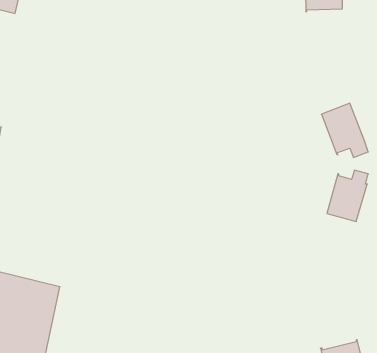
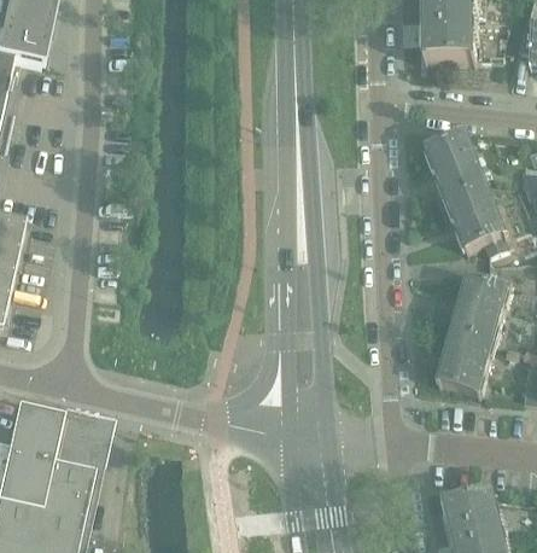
building: none -> [424,135,481,198]
building: none -> [436,328,490,392]

